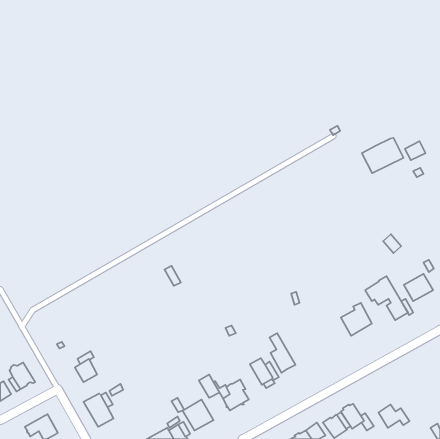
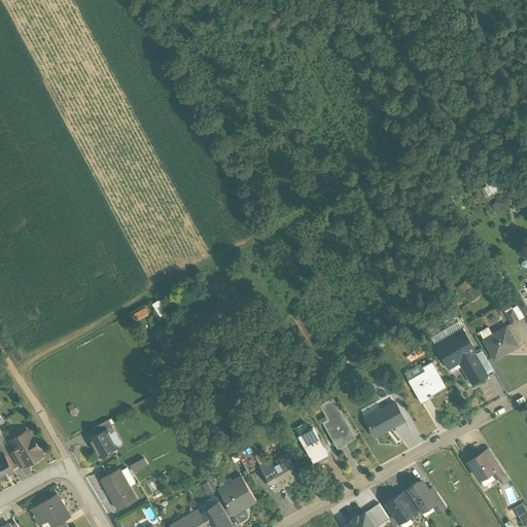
building: [362,138,404,173] -> none
building: none -> [364,401,403,436]
building: [378,405,409,428] -> [468,454,505,482]

